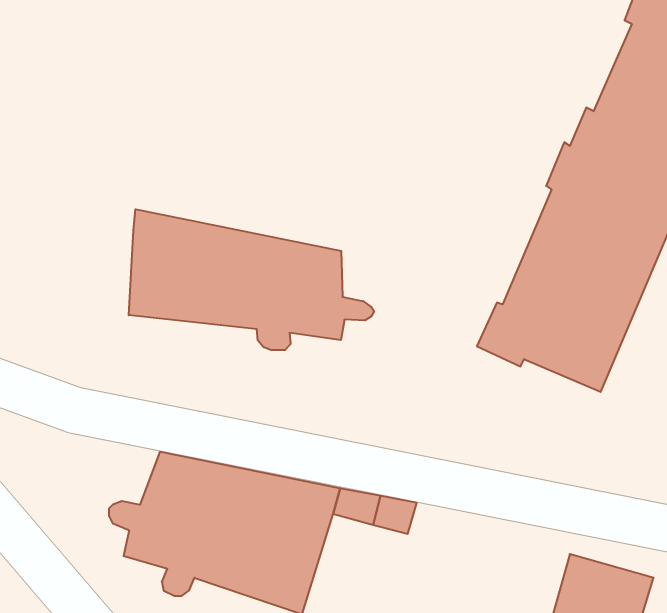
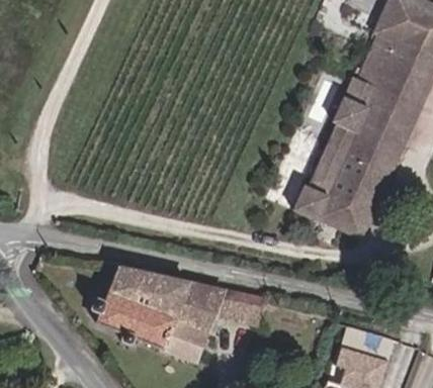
building: [129,209,374,350] -> none

